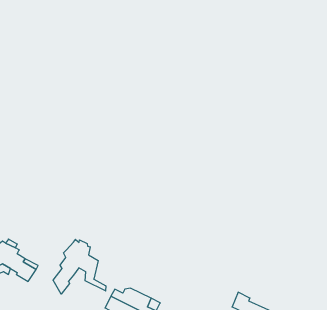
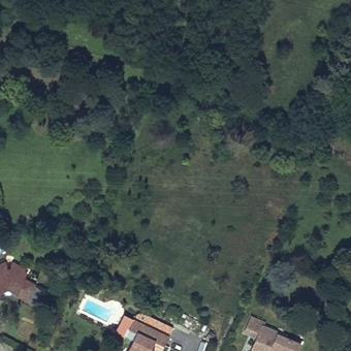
building: [53,239,106,294] -> none

